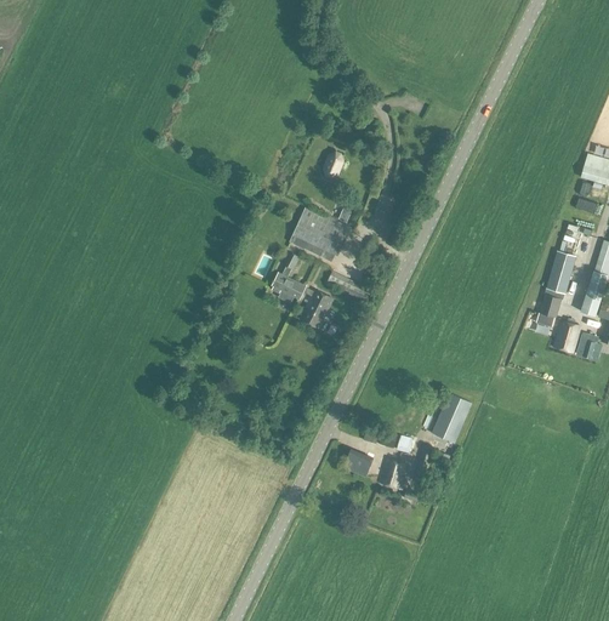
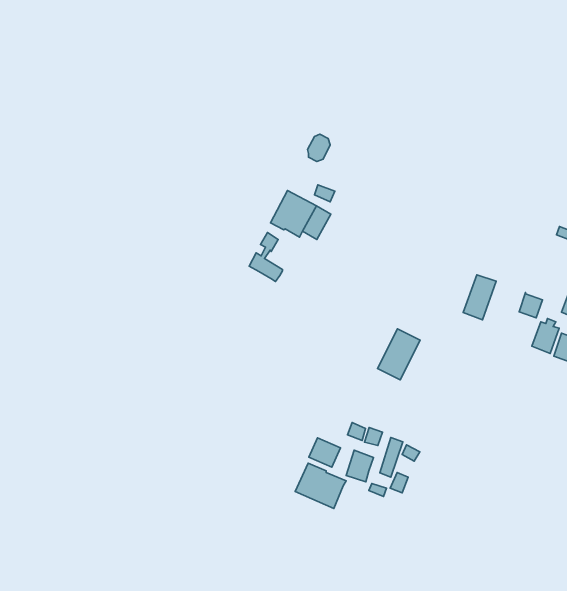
building: [545,251,575,295] -> [463,275,496,320]
building: [300,287,332,329] -> none
building: [431,393,471,443] -> [377,329,420,380]
building: none -> [295,463,346,509]

